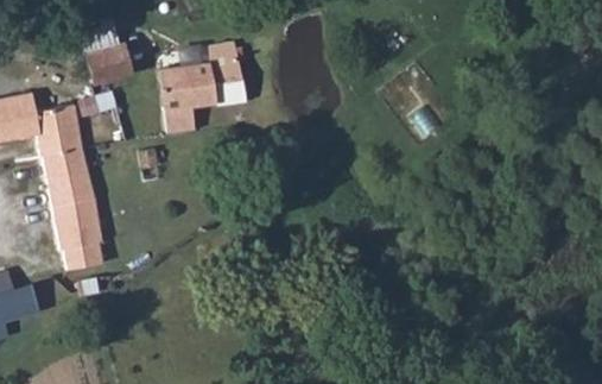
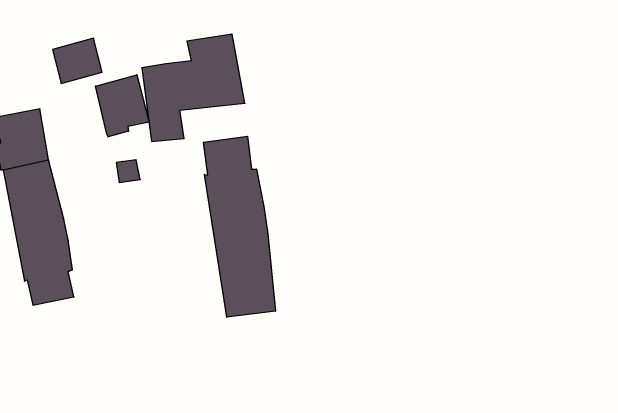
building: none -> [96,75,149,137]
building: none -> [203,136,275,317]

